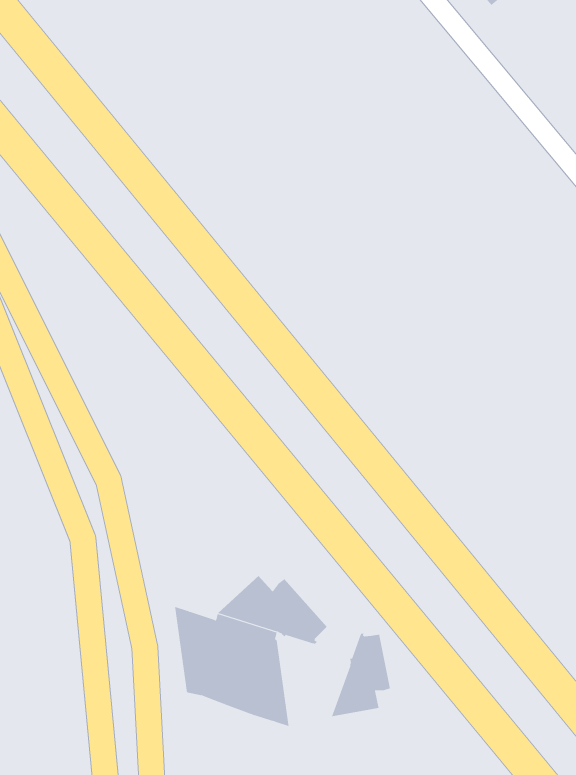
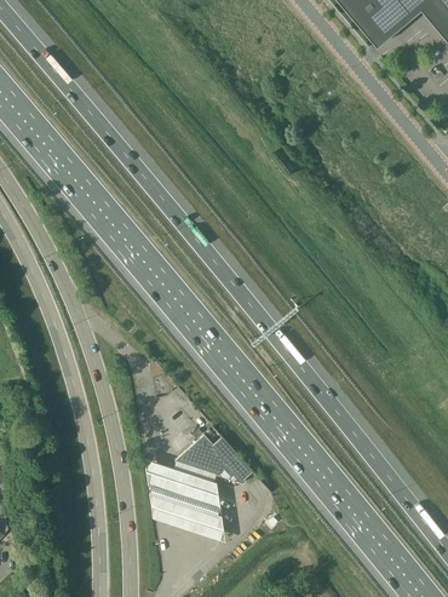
building: [331,633,390,717] -> none

